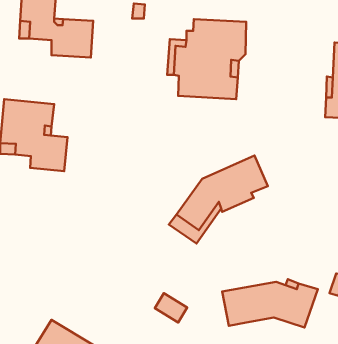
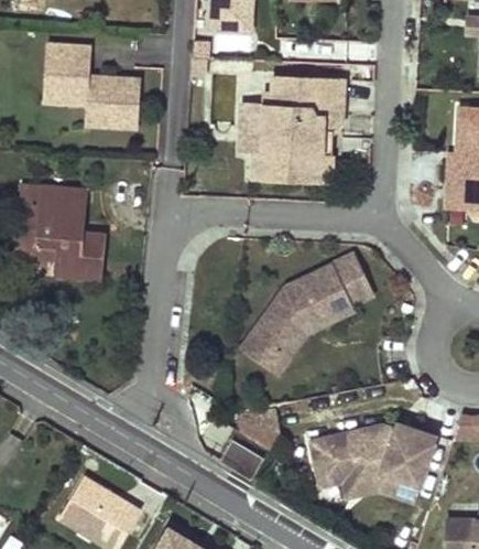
building: none -> [342,472,420,502]

